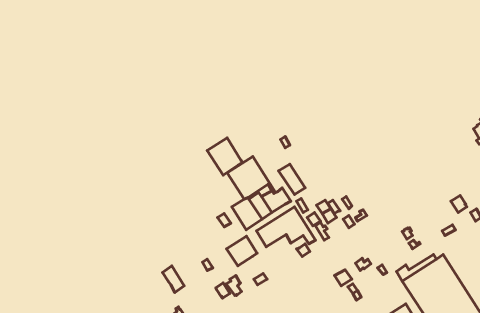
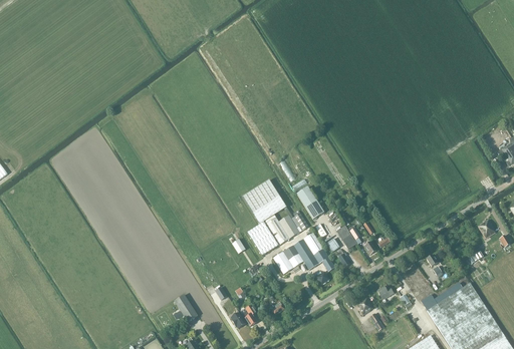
building: [207,138,242,175] -> none
building: [226,236,257,266] -> none

